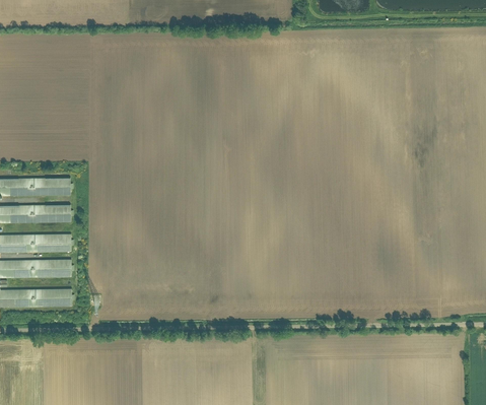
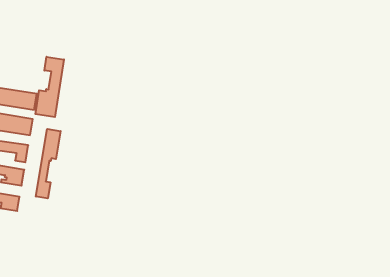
building: none -> [35,57,64,117]
building: none -> [36,129,61,198]

